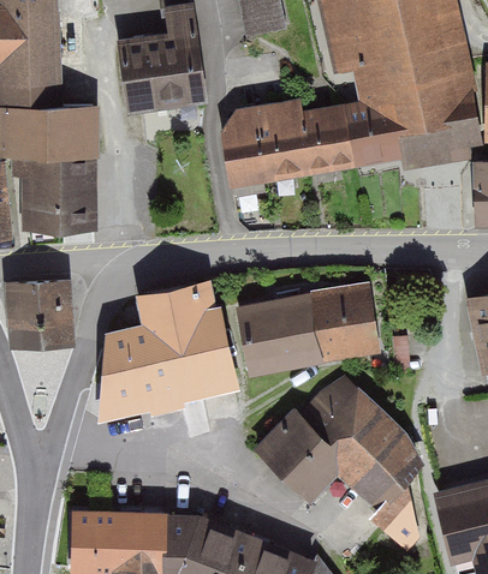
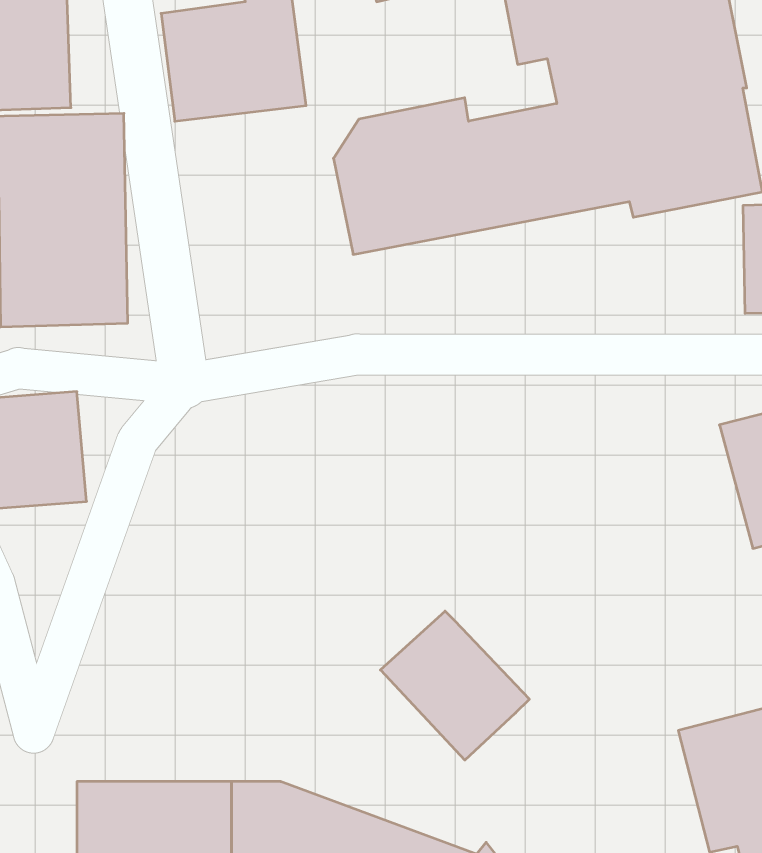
building: [93,280,240,429] -> none
building: [236,283,380,373] -> none
building: [298,372,419,537] -> none

